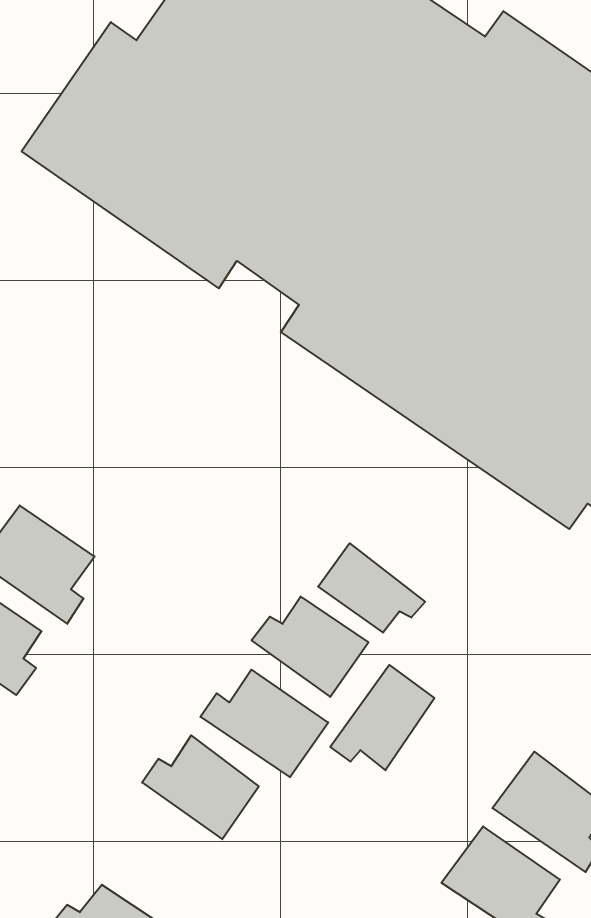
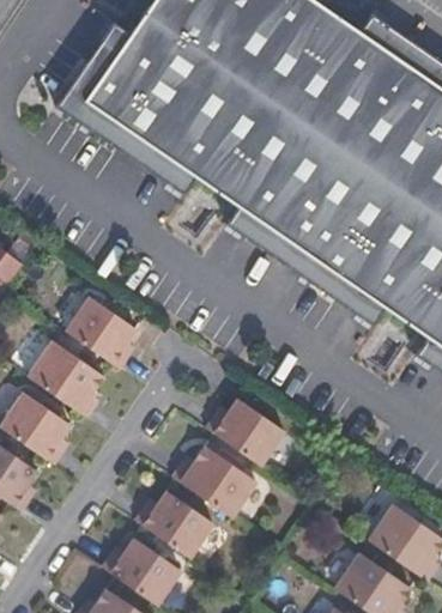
building: none -> [66,293,135,366]
building: [318,543,425,633] -> none
building: [330,665,434,770] -> none
building: none -> [102,535,180,603]

